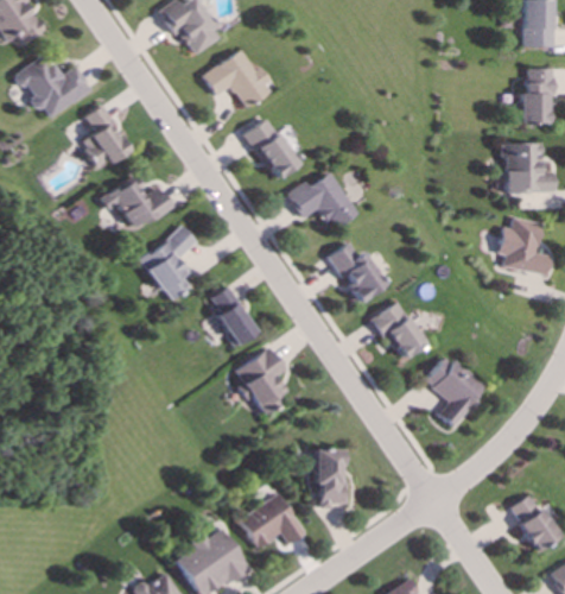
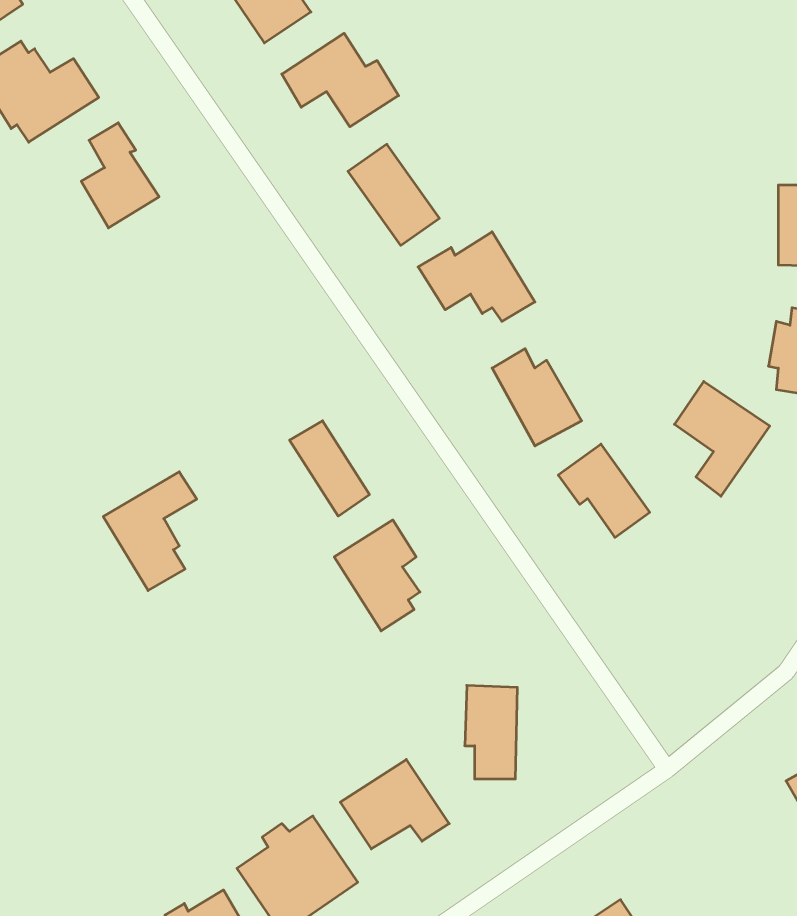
building: [100,176,171,232] -> none
building: [139,229,196,302] -> [103,472,197,591]
building: [426,358,484,428] -> [674,381,770,496]

